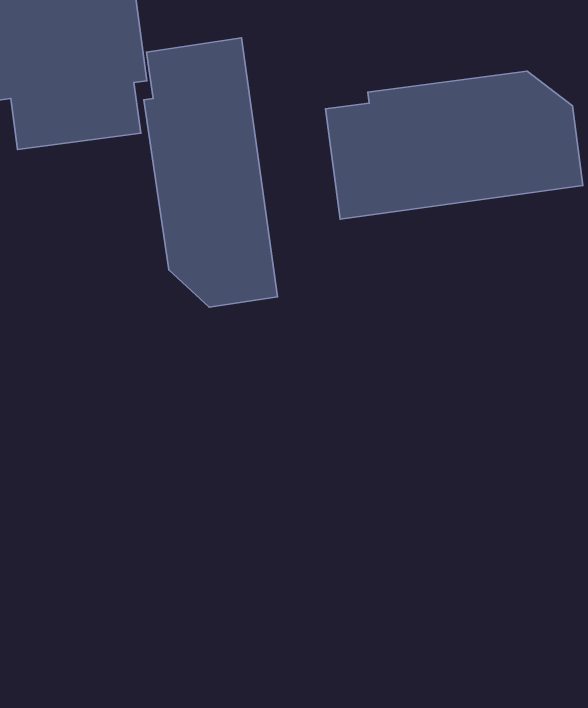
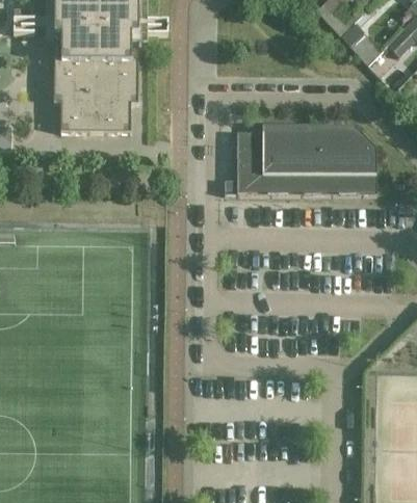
building: [144,38,278,307] -> none

